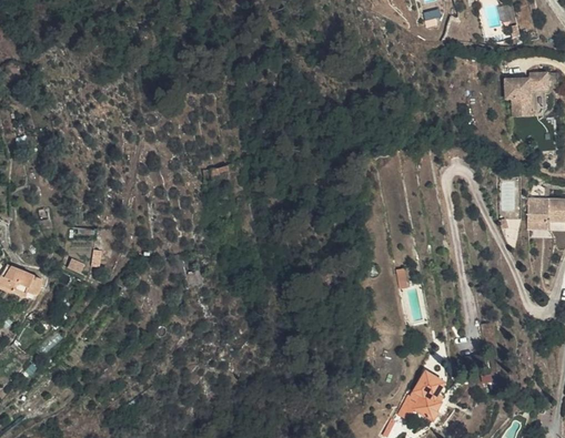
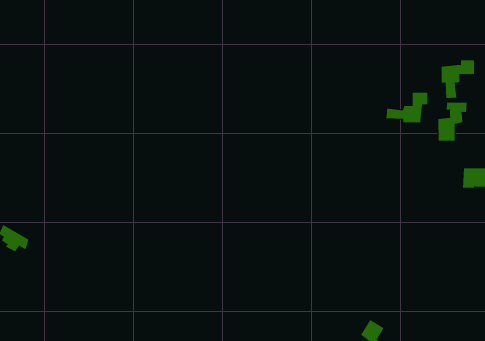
building: none -> [386,92,428,123]
building: none -> [438,102,467,141]

